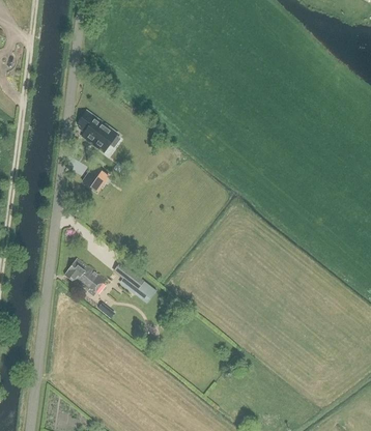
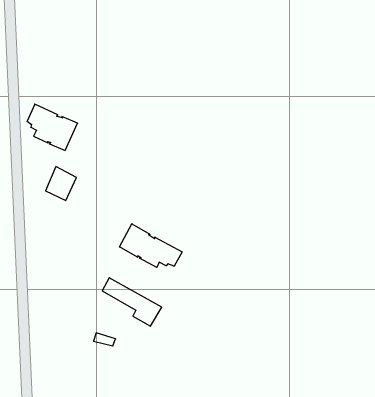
building: none -> [119,224,182,267]
building: [65,257,106,294] -> none

